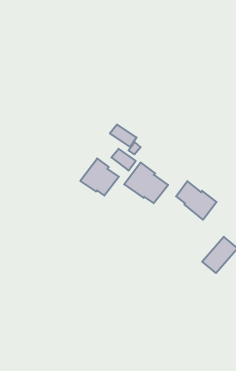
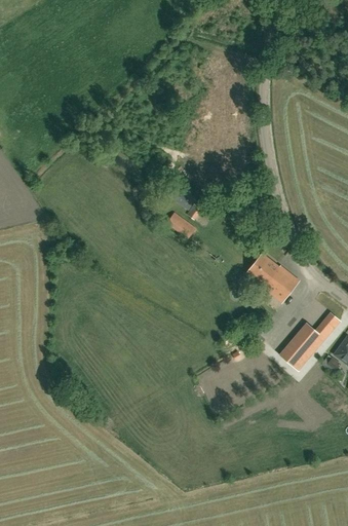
building: [80,158,119,196] -> none
building: [124,162,168,203] -> none

